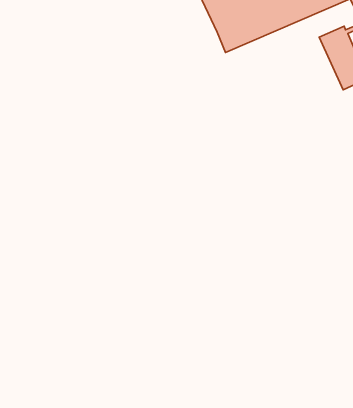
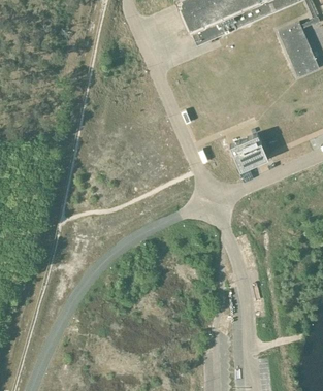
building: none -> [229,137,268,173]

